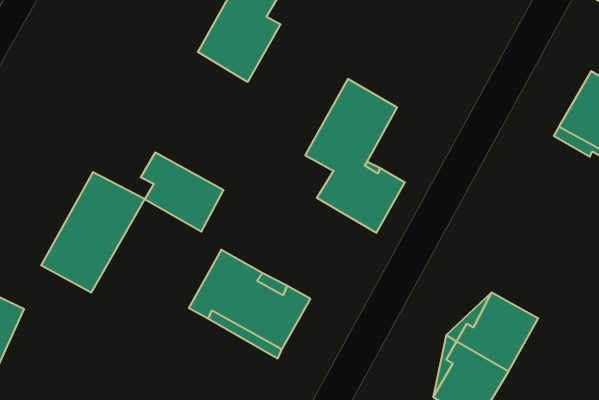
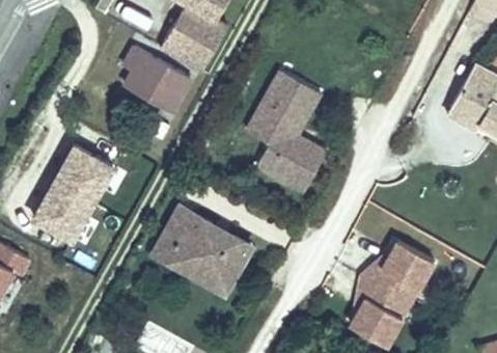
building: [141,153,224,232] -> [123,48,190,111]

